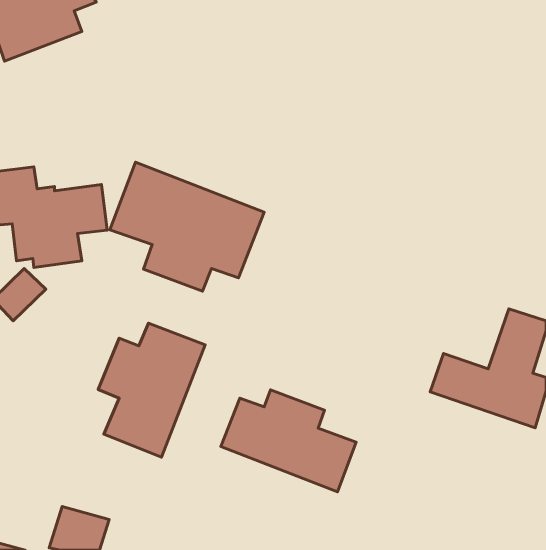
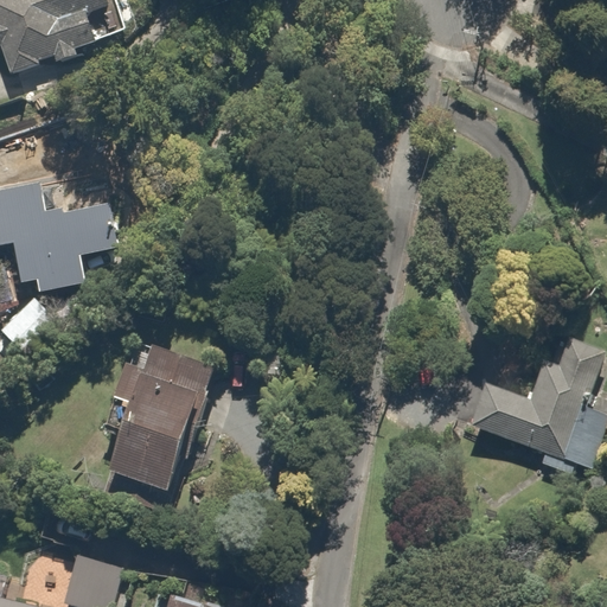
building: [110,162,264,291] -> none
building: [221,390,356,492] -> none

